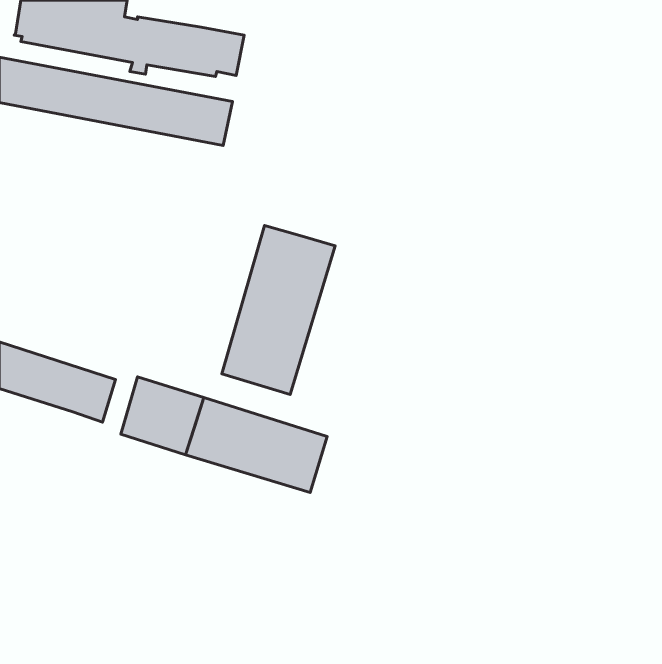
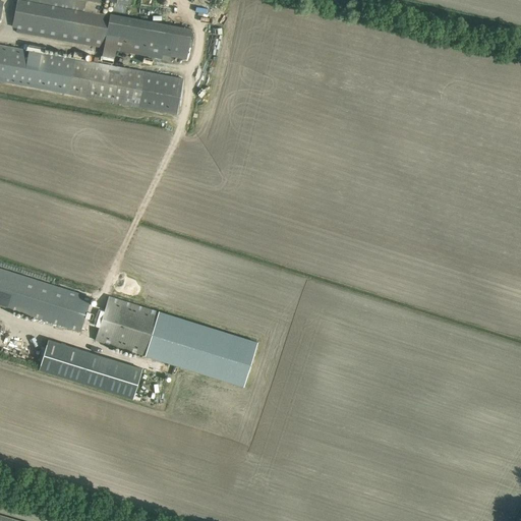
building: [222,225,335,394] -> none
building: none -> [39,339,141,398]

